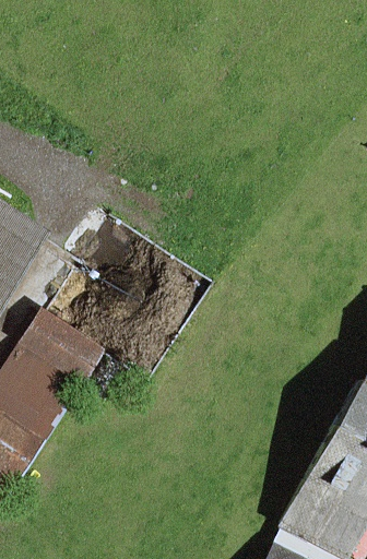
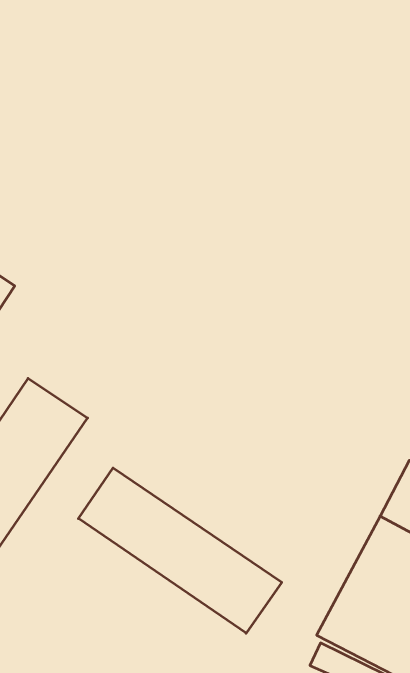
building: none -> [78,468,282,633]

